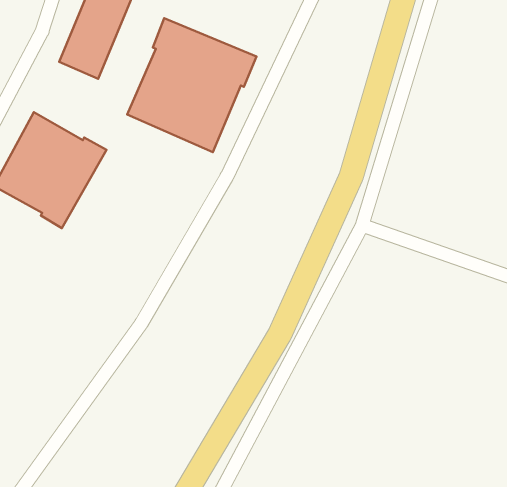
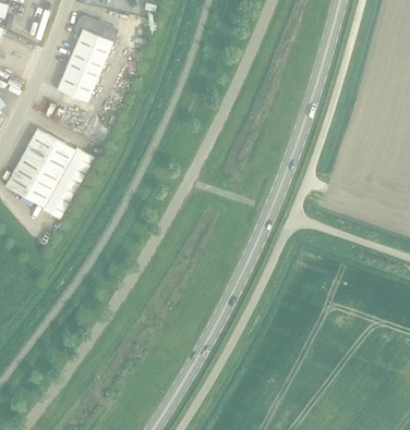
building: [127,18,257,152] -> none

